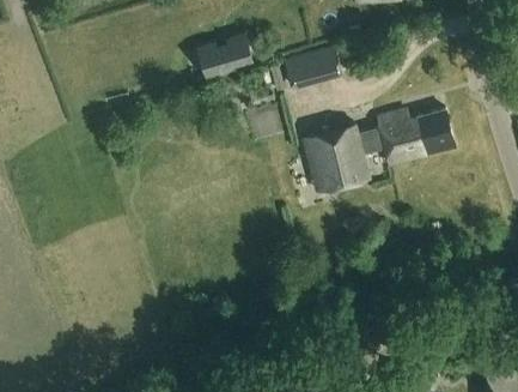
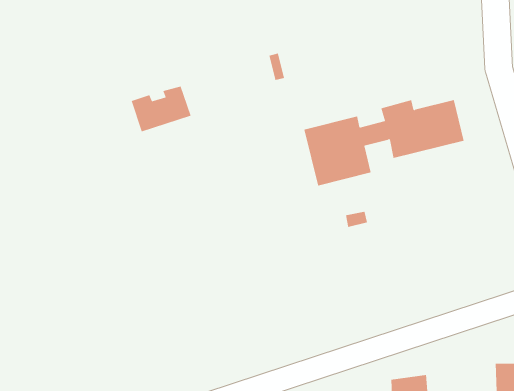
building: [197,37,255,82] -> [131,86,191,132]
building: [285,47,343,91] -> none

